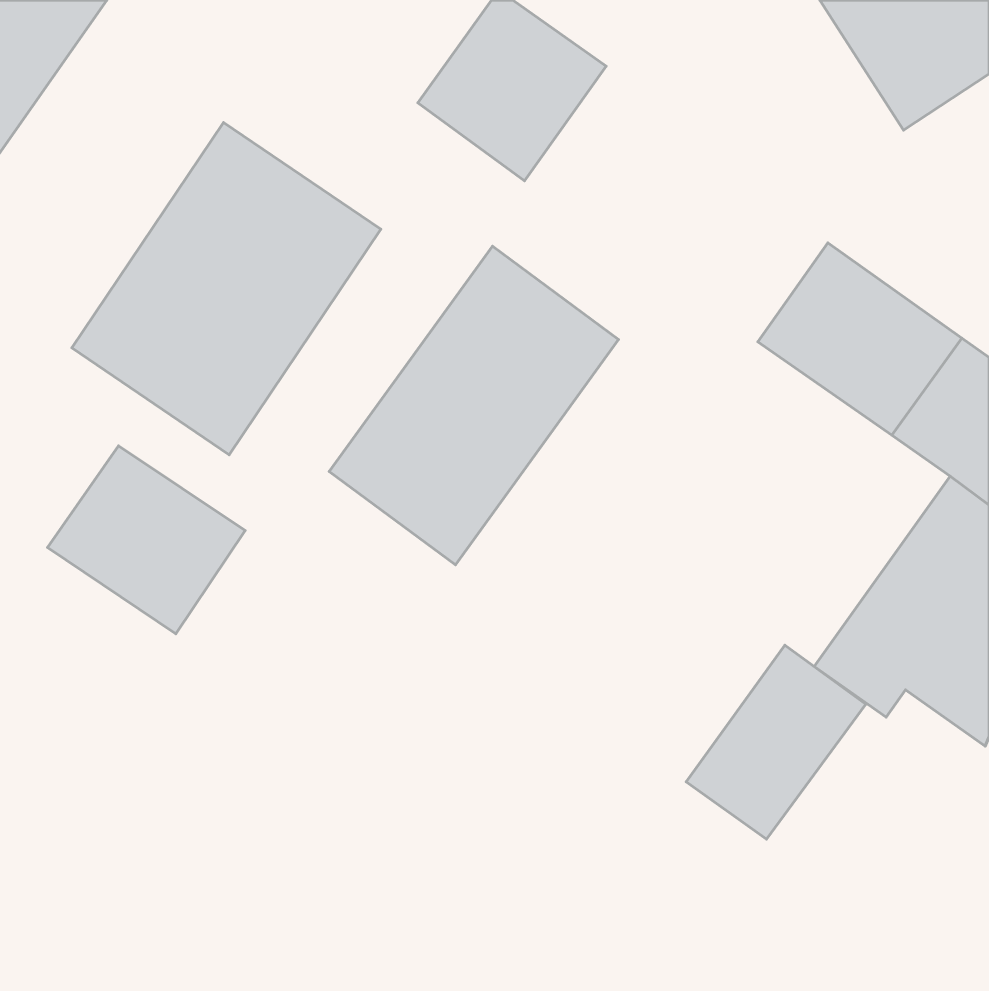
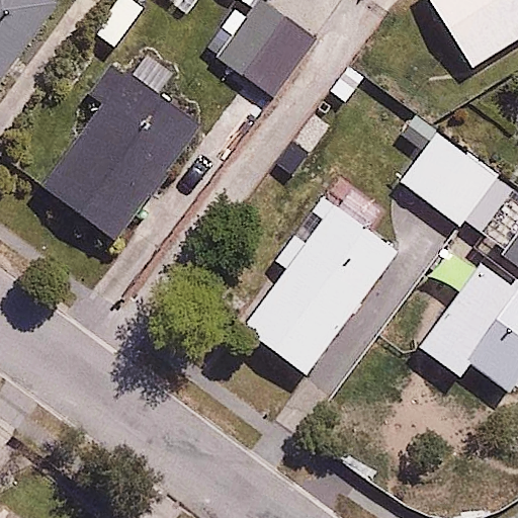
building: [329,246,619,565] -> [246,204,397,370]
building: [48,446,245,634] -> none
building: [686,645,866,839] -> none

